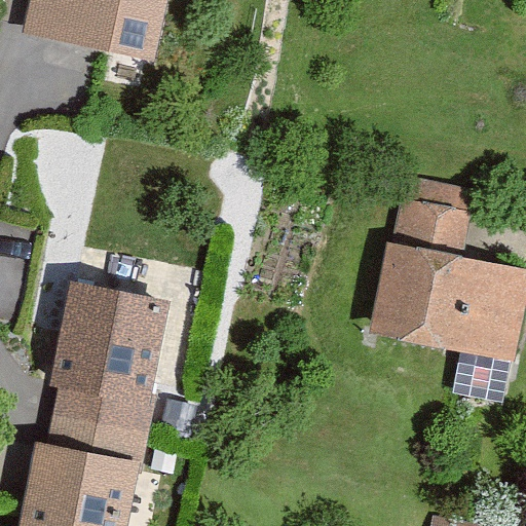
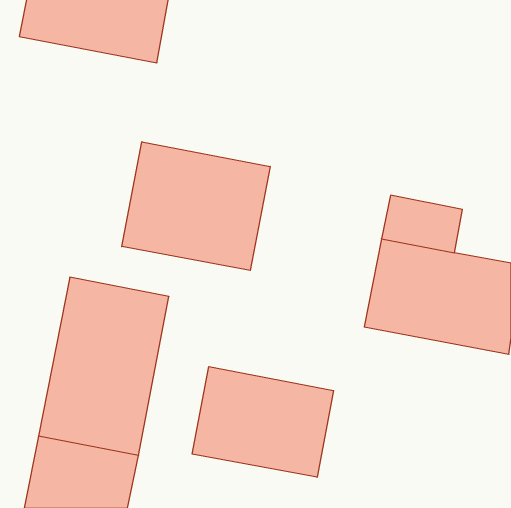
building: none -> [122,142,270,270]
building: none -> [192,367,334,477]

